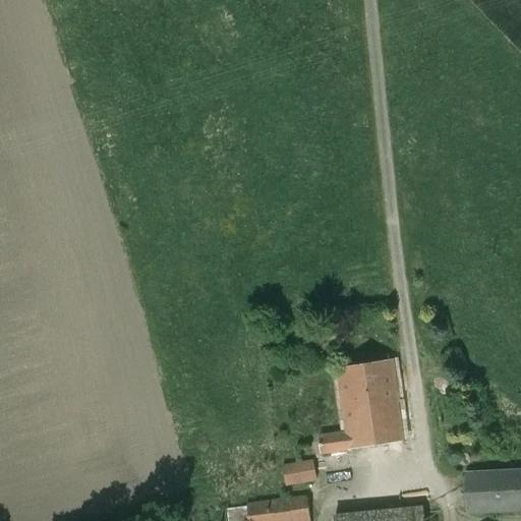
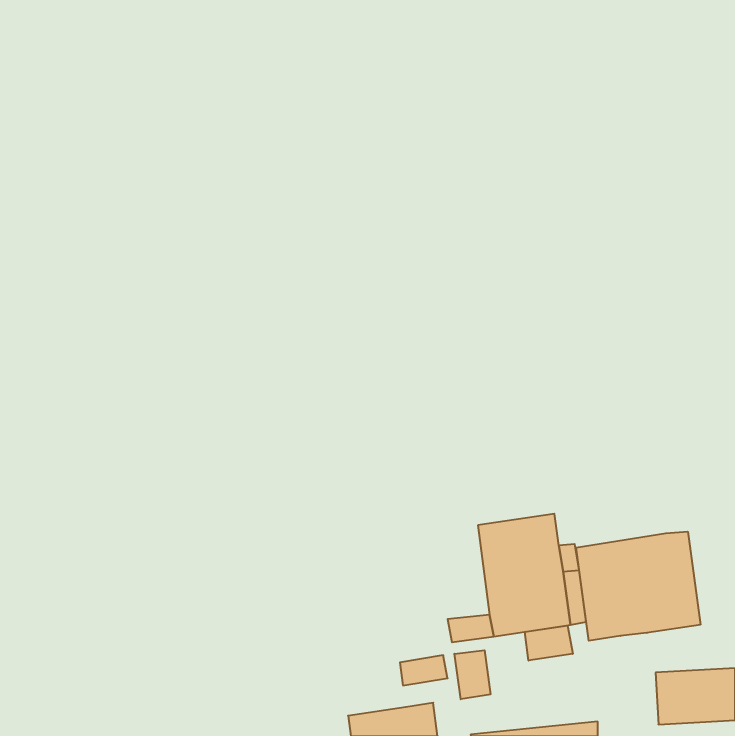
building: none -> [576,532,700,641]
building: none -> [525,626,573,661]
building: none -> [454,650,490,699]

